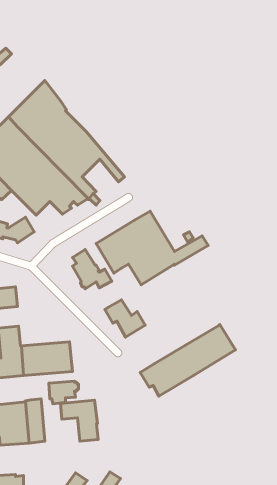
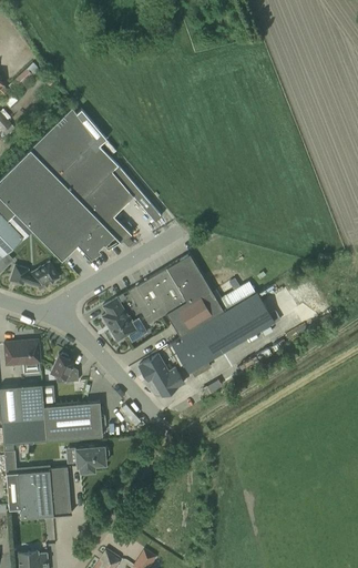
building: none -> [50,354,79,384]
building: [140,324,236,396] -> [166,293,274,374]
building: [60,400,98,441] -> none

